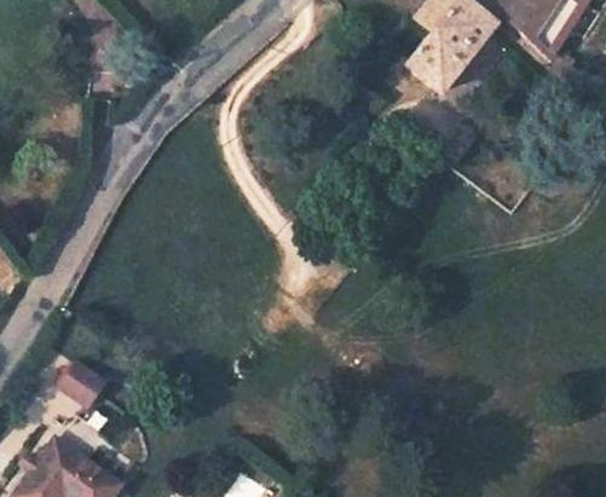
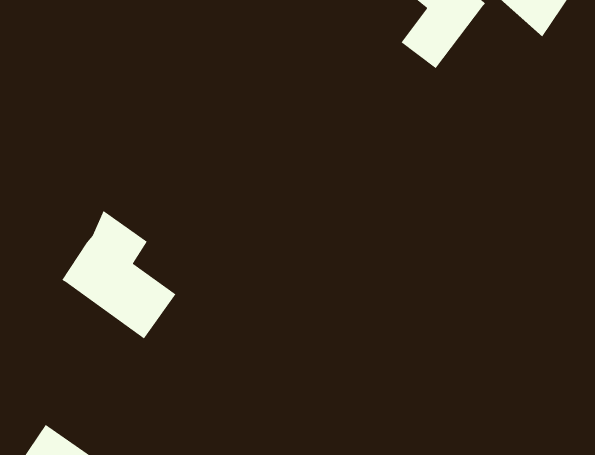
building: none -> [61,210,176,339]
building: [56,356,110,409] -> none

